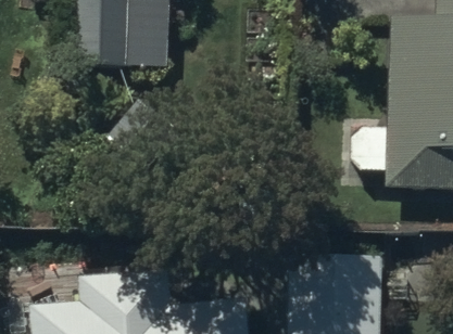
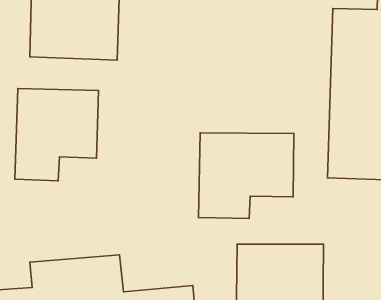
building: none -> [15,89,98,181]
building: none -> [198,133,294,219]

